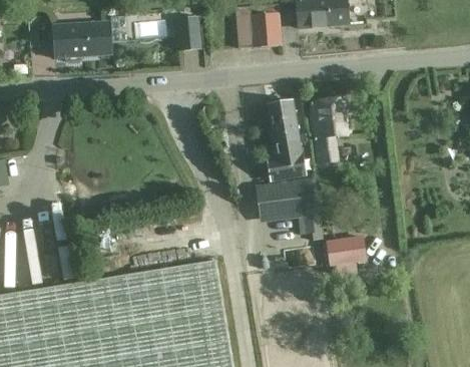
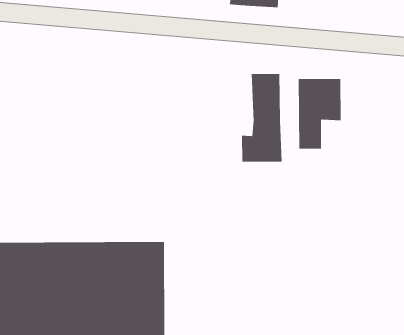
building: [255,176,322,232] -> none
building: [326,235,366,276] -> none

